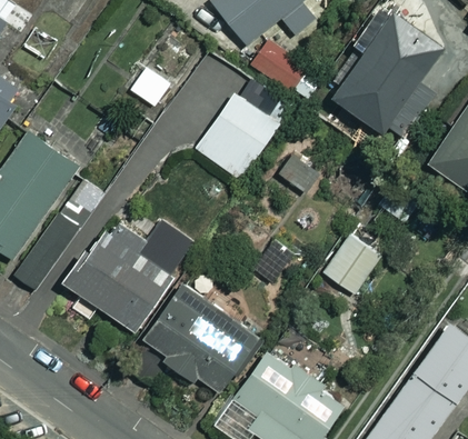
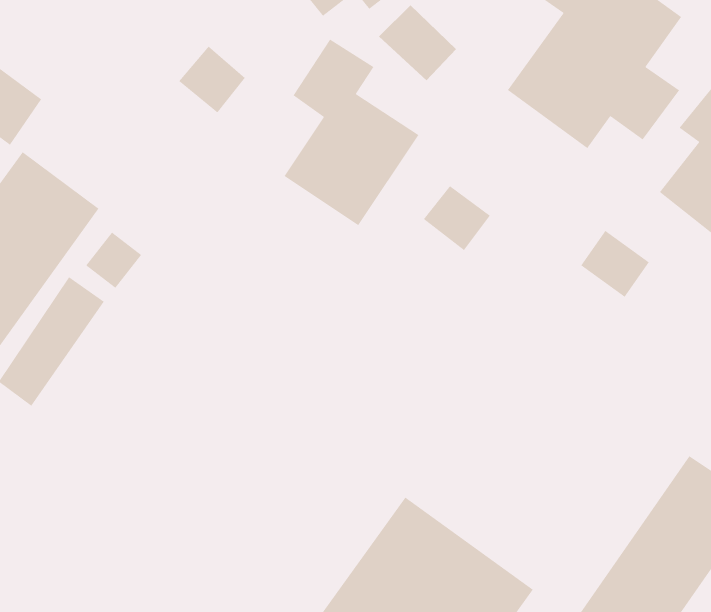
building: [67,220,177,330] -> none
building: [322,235,381,295] -> none
building: [143,286,257,395] -> none

